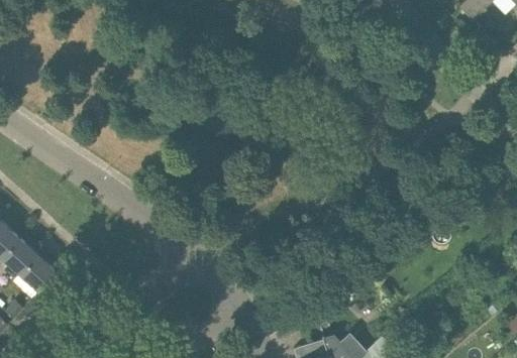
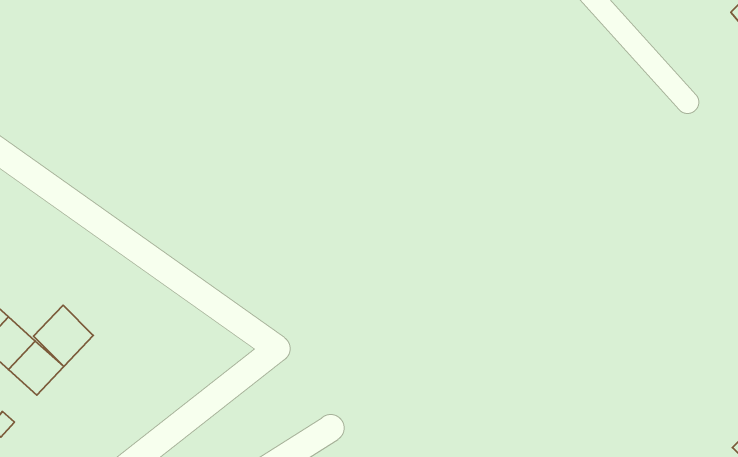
building: none -> [34,305,93,367]

